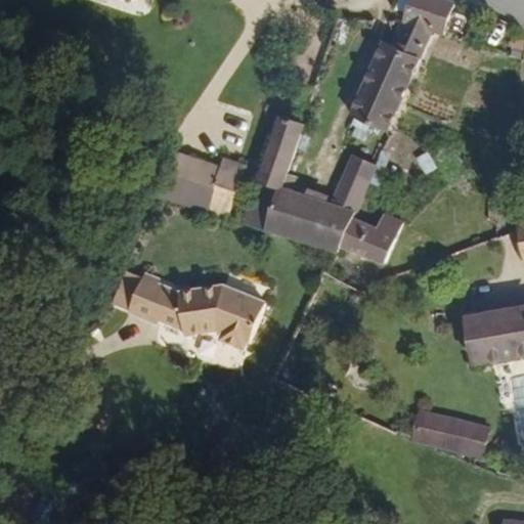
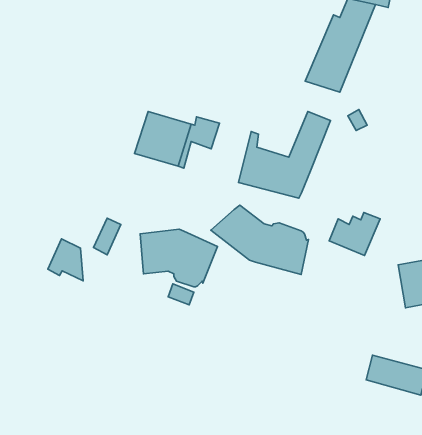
building: [253,111,306,228] -> none
building: [347,208,404,256] -> [329,213,380,255]
building: none -> [211,205,308,274]
building: [129,275,169,322] -> [48,239,83,281]

